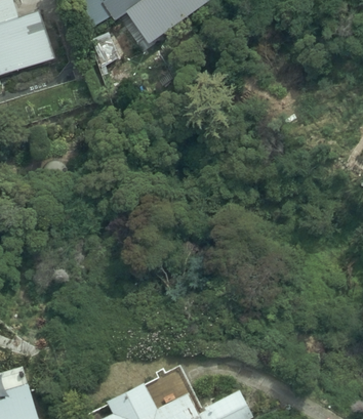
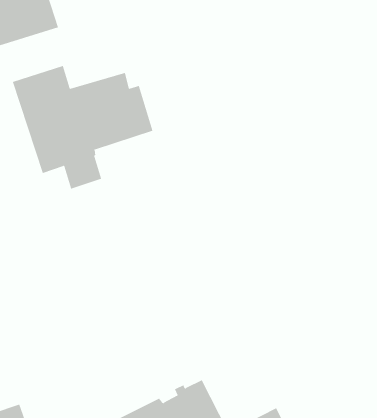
building: none -> [12,65,153,189]

